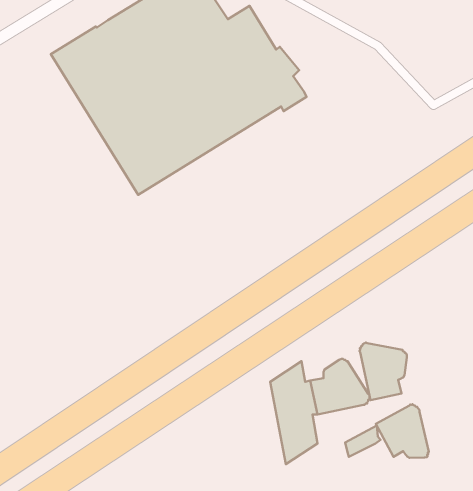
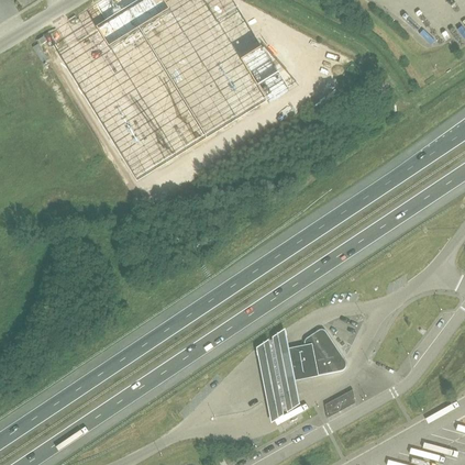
building: [360,343,407,400] -> none
building: [376,404,429,458] -> none

